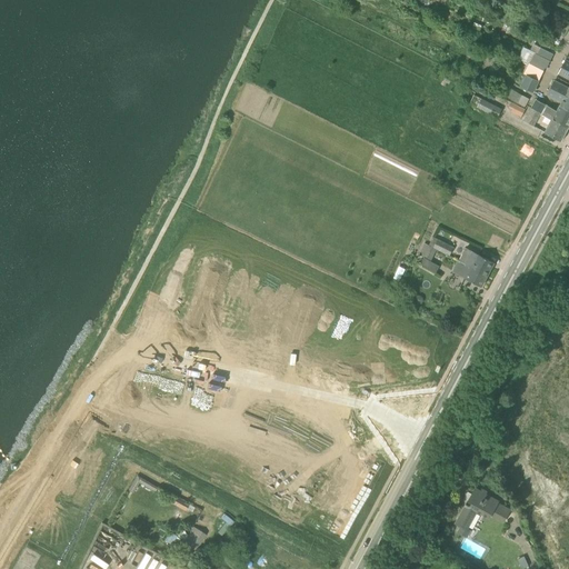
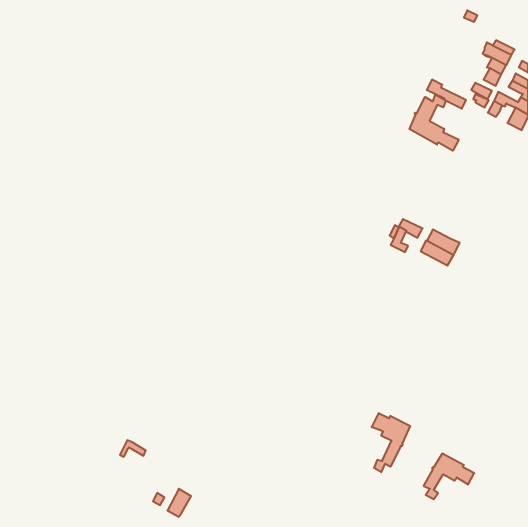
building: none -> [409,95,459,151]
building: none -> [372,413,410,472]

